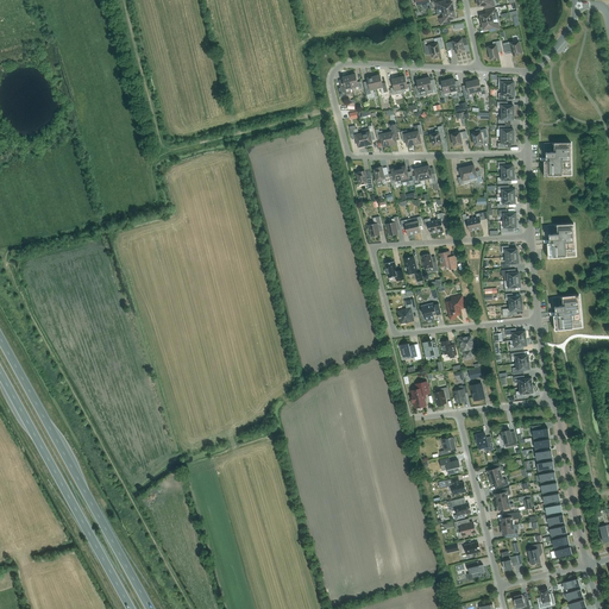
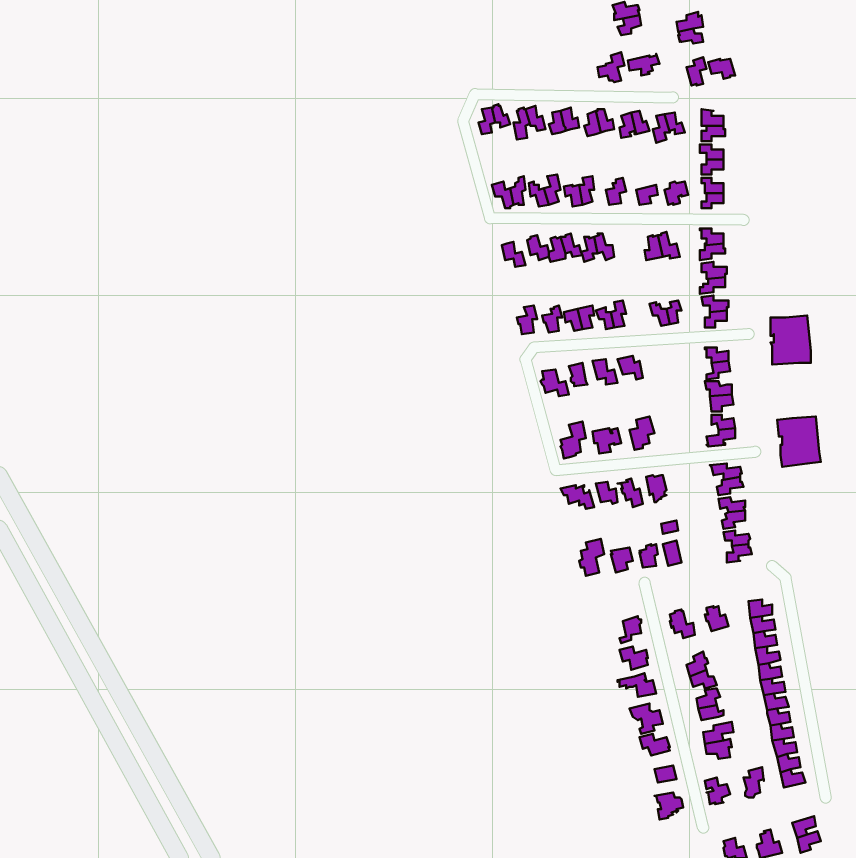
building: [542,143,570,176] -> none

